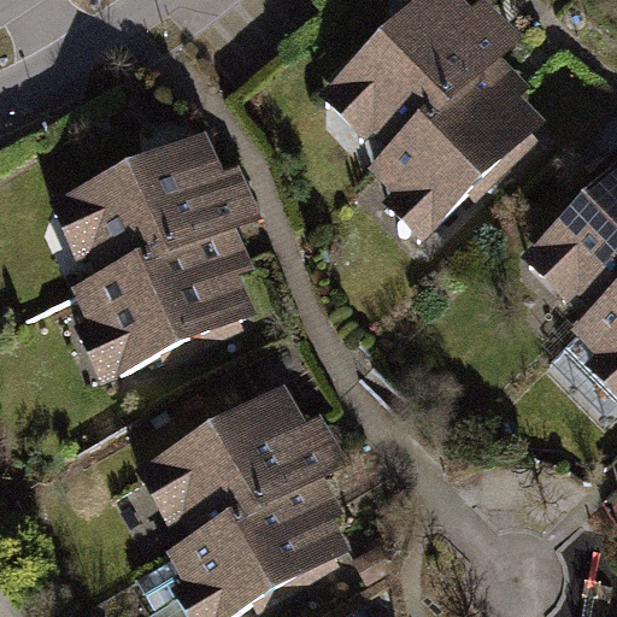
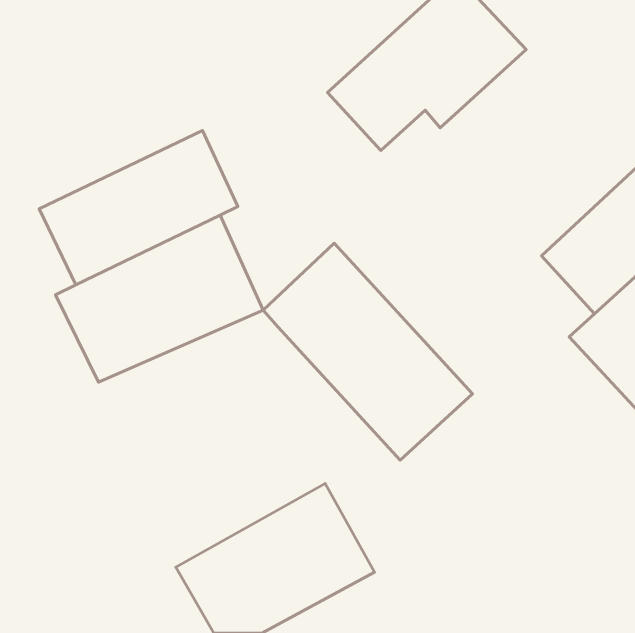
building: [349,60,557,246] -> none
building: none -> [263,243,473,460]
building: [125,381,335,547] -> none

